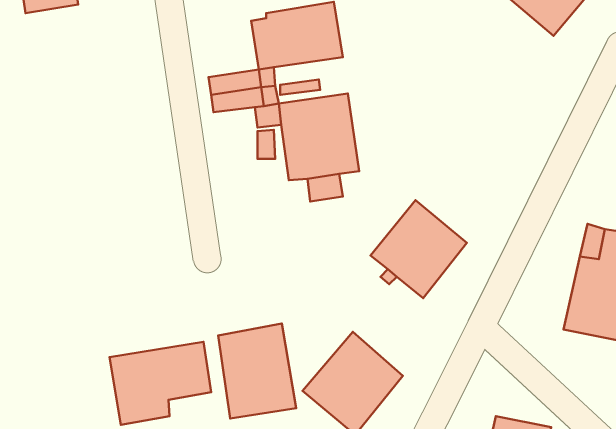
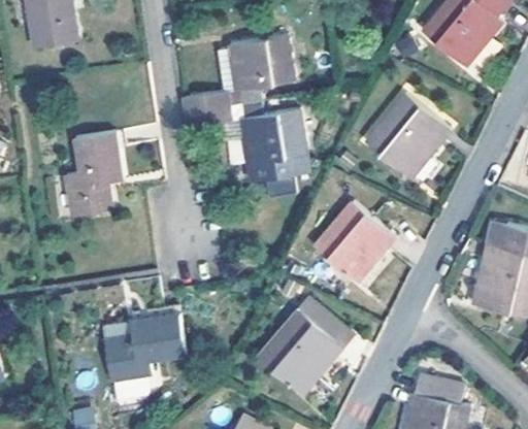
building: none -> [369,89,452,174]
building: none -> [65,128,122,213]
building: [218,324,296,419] -> none

